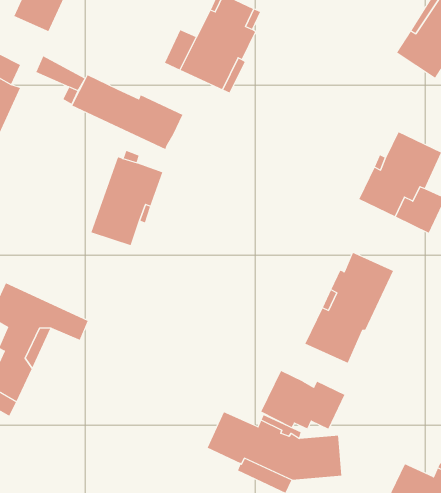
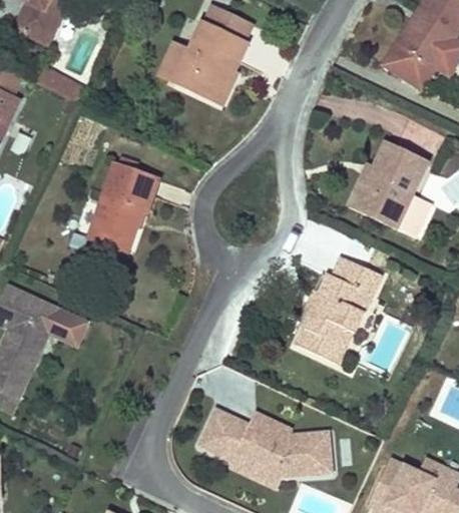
building: [71,75,183,150] -> none
building: [261,370,345,429] -> none

